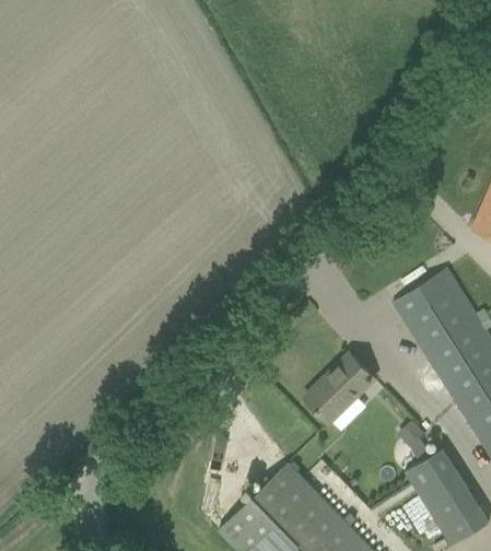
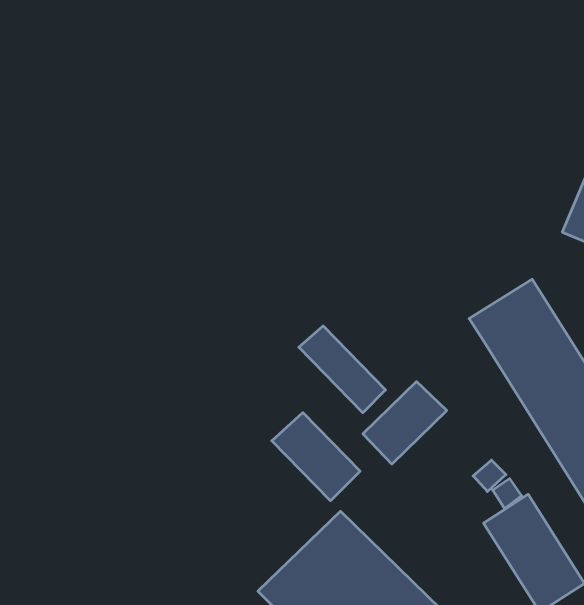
building: none -> [299,326,386,413]
building: none -> [272,413,360,501]

